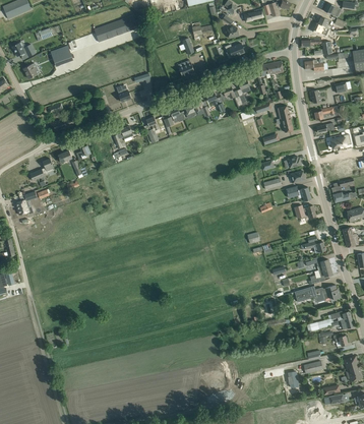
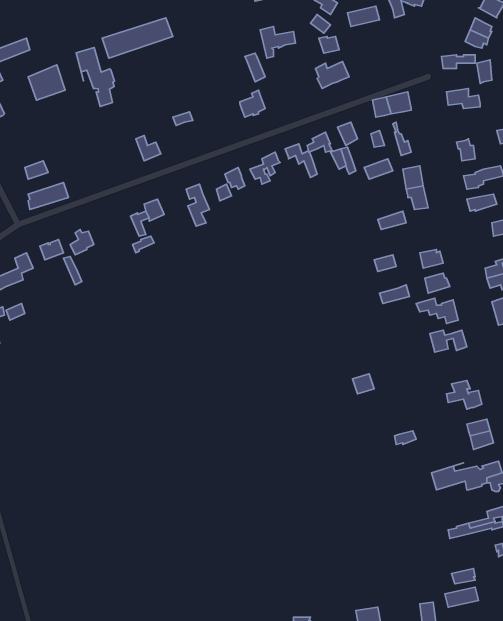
building: none -> [76,47,115,106]

